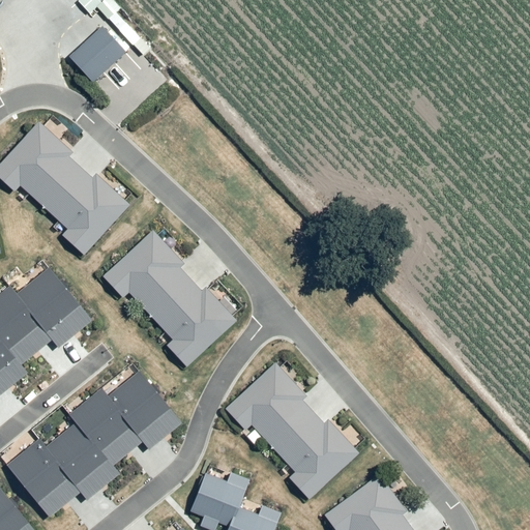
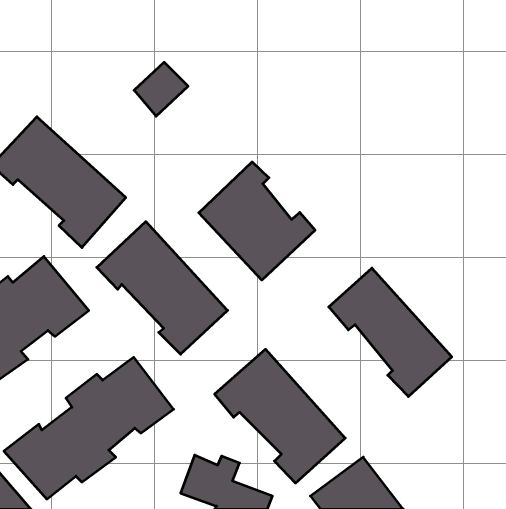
building: [69,27,125,83] -> [134,62,188,116]
building: none -> [199,162,315,280]
building: none -> [329,268,452,397]

